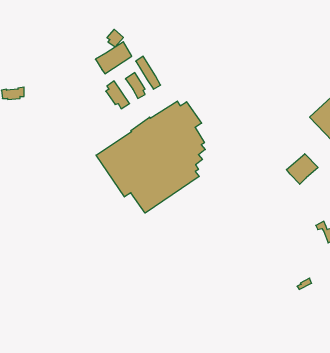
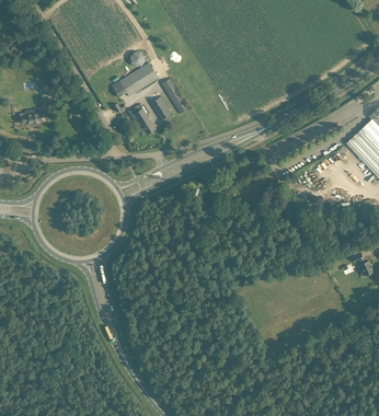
building: [96,101,205,213] -> none
building: [286,154,318,184] -> none

